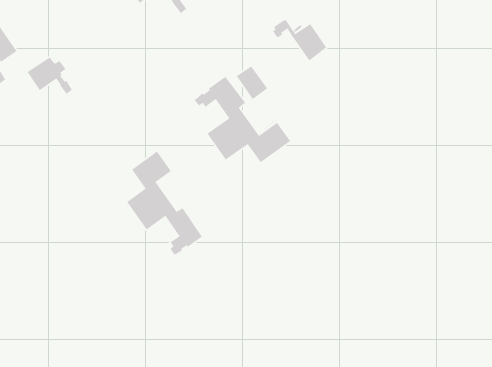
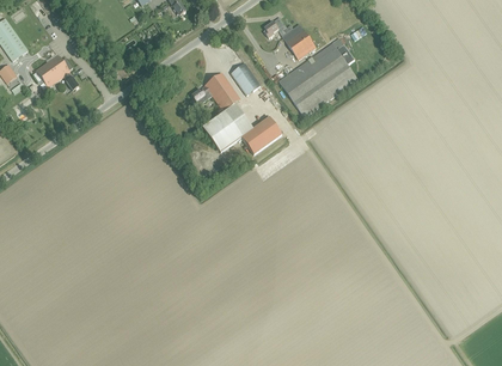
building: none -> [278,36,359,116]
building: [126,150,203,256] -> none

